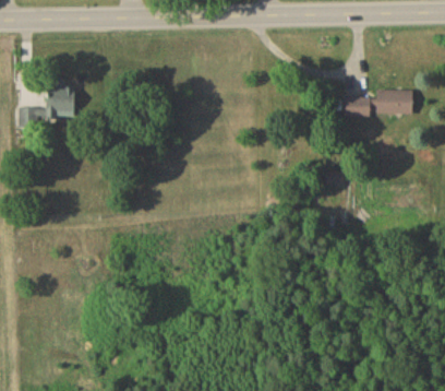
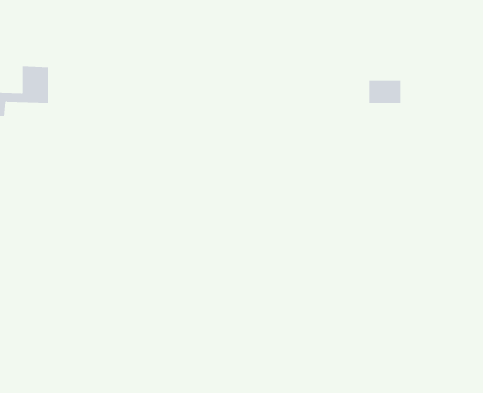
building: [374,90,411,115] -> none

